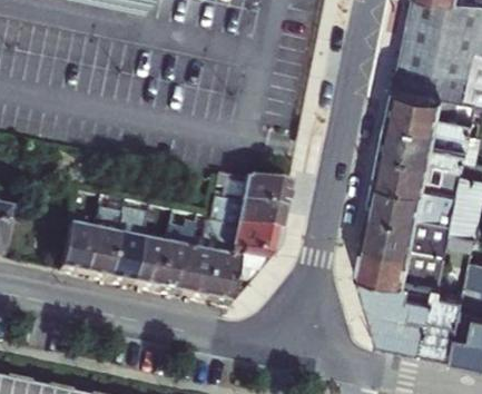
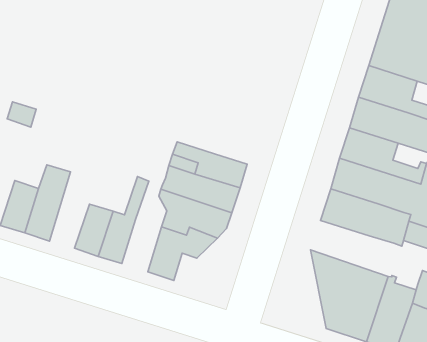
building: [108,204,148,279] -> none
building: [179,221,217,295] -> none
building: [358,229,445,276] -> none

